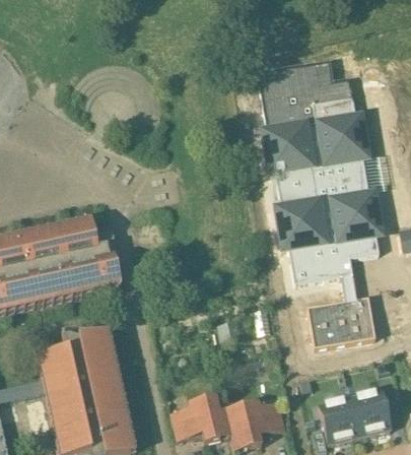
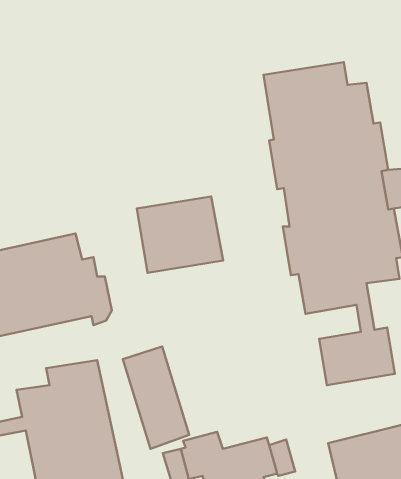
building: none -> [137,197,223,273]
building: none -> [123,347,189,449]

